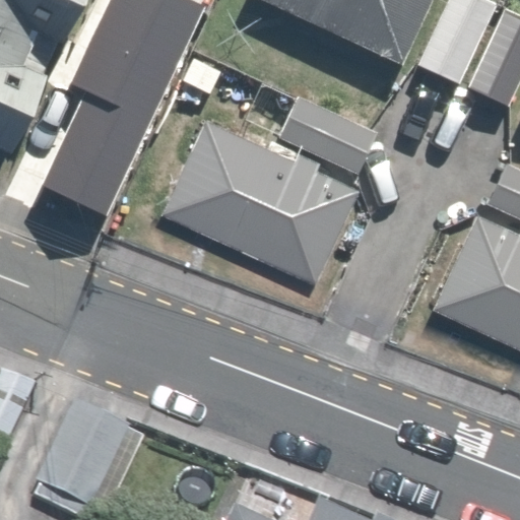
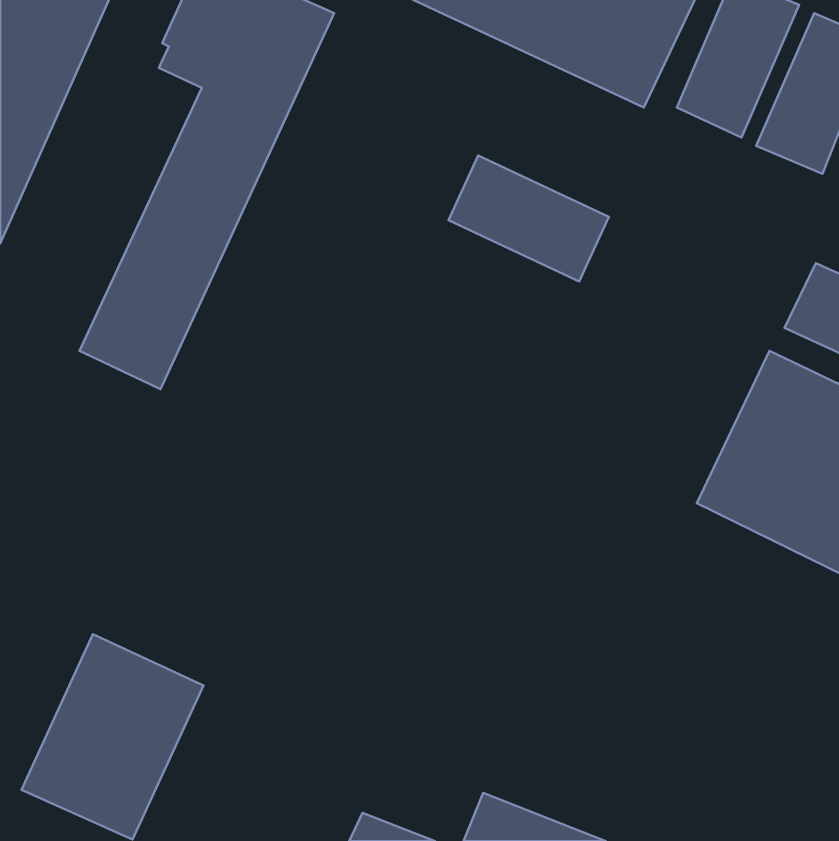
building: [155,117,353,284] -> none

